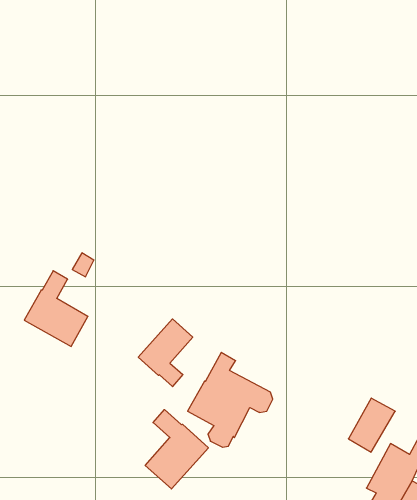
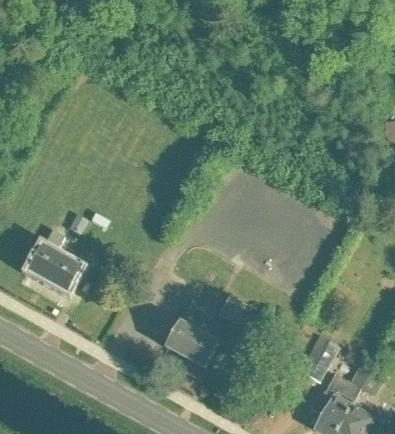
building: [138,319,193,387] -> none
building: [145,410,208,489] -> none

